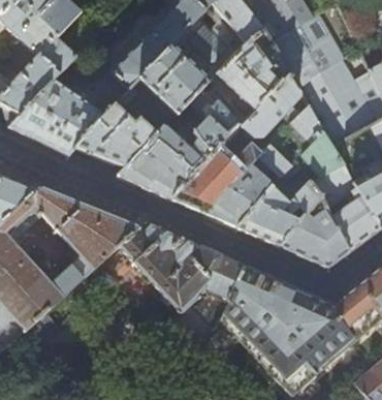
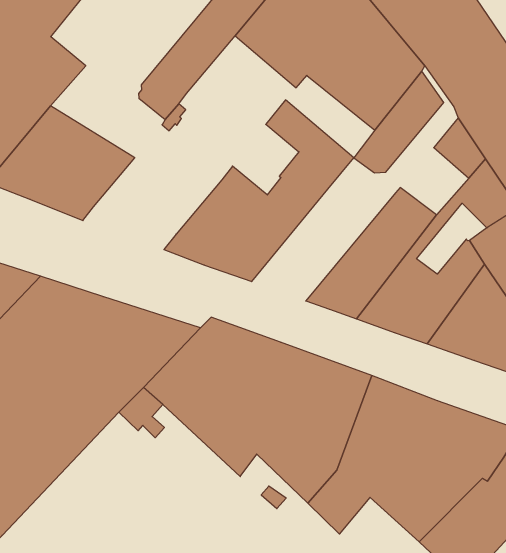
building: [139,44,209,114] -> none
building: [76,103,158,166] -> none
building: [172,145,266,214] -> none

